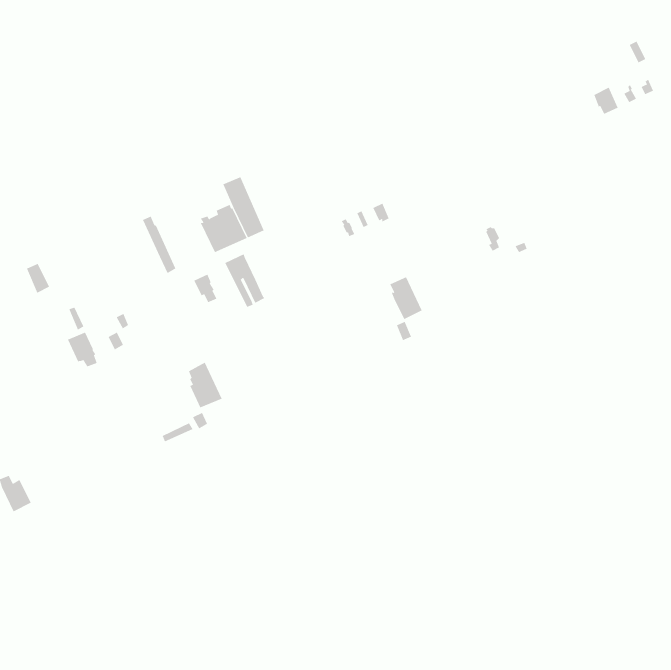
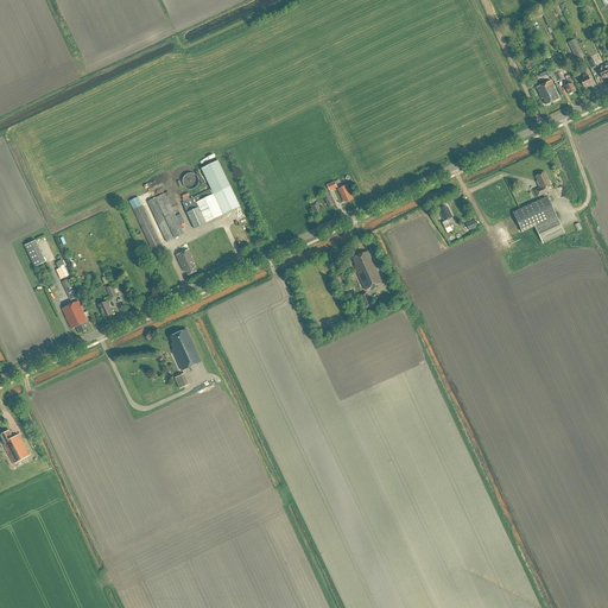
building: none -> [512,170,563,241]
building: [225,254,265,307] -> [146,191,183,240]

